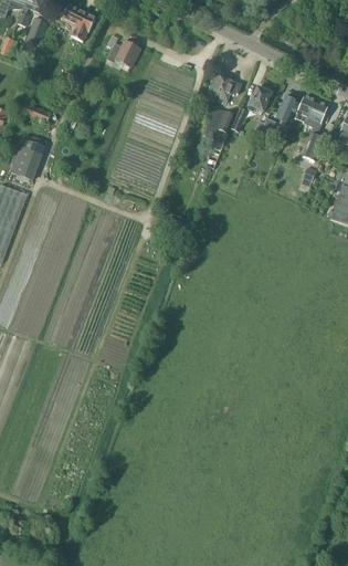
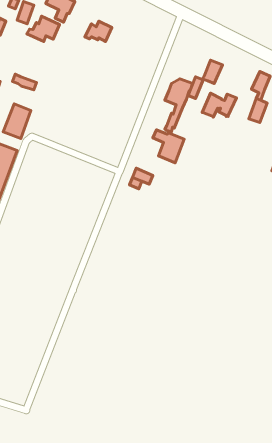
building: none -> [27,16,59,41]
building: [207,74,242,104] -> none
building: [275,94,316,123] -> [202,93,236,117]
building: none -> [153,130,184,163]

